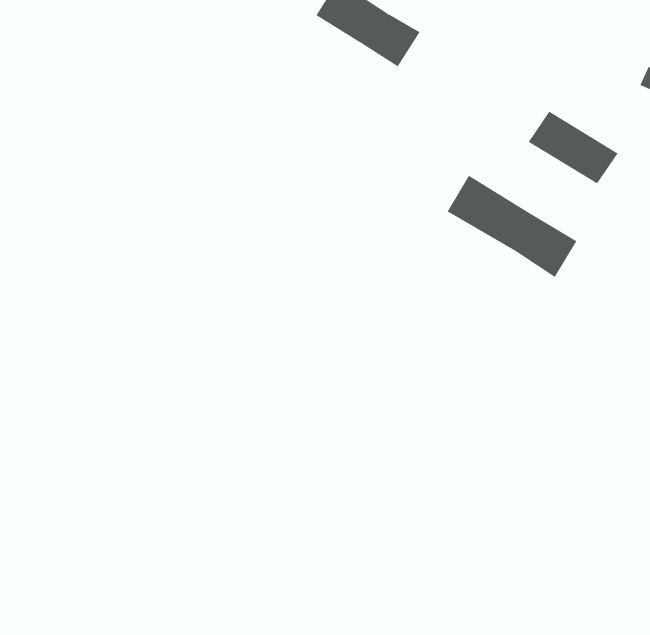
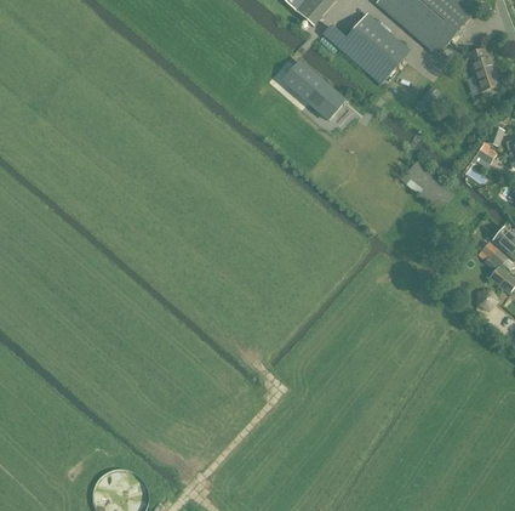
building: [447,175,577,278] -> none

